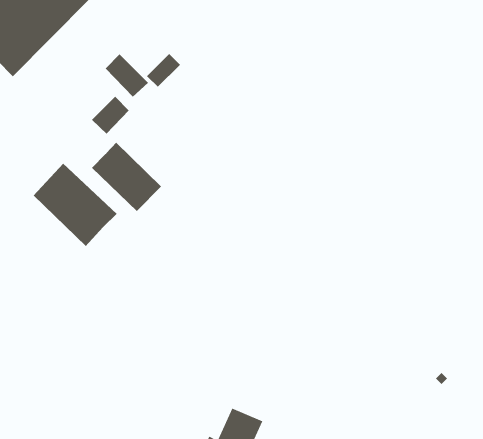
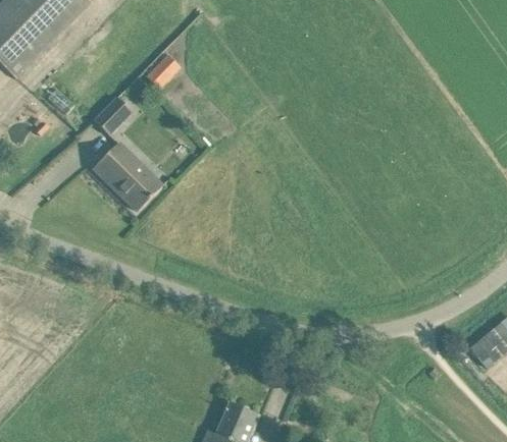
building: [105,54,149,97] -> none
building: [33,163,117,247] -> none

